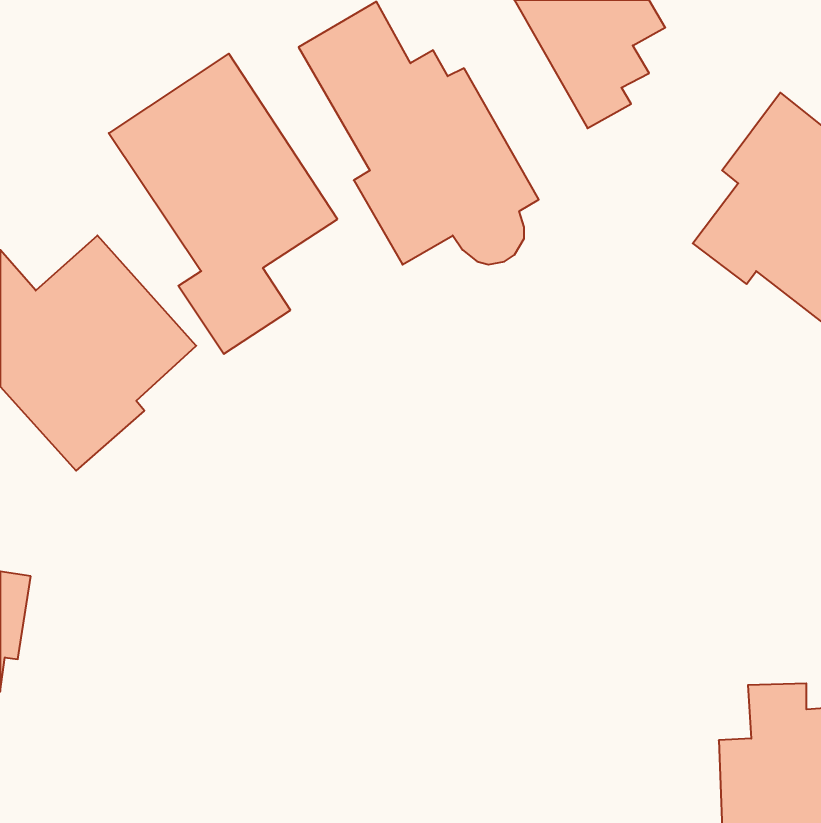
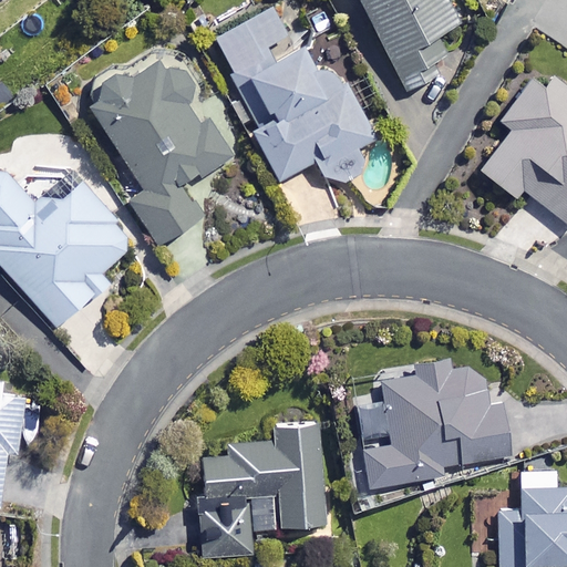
building: none -> [354,357,513,493]
building: none -> [199,423,326,554]

